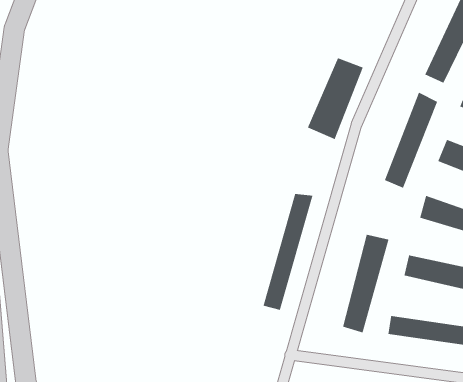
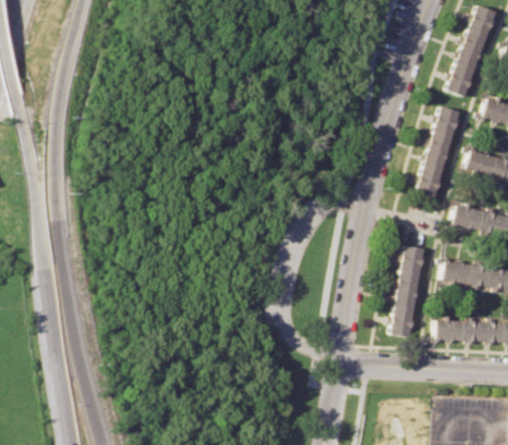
building: [307,57,364,140] -> none
building: [263,193,314,311] -> none

